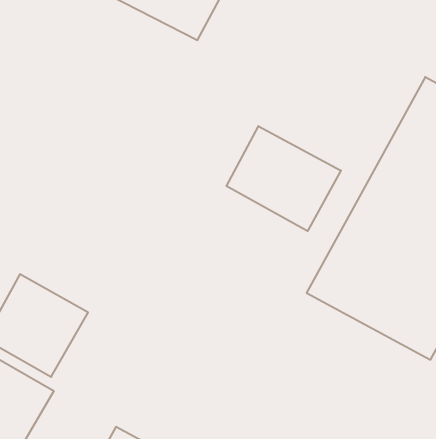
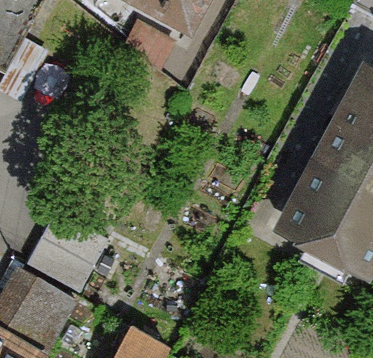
building: [226,126,341,231] -> none

